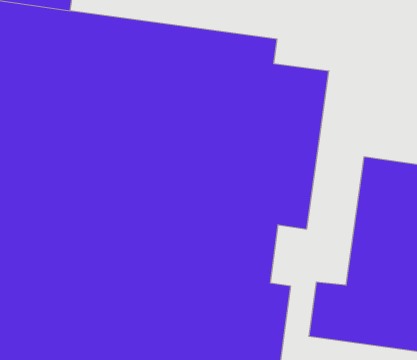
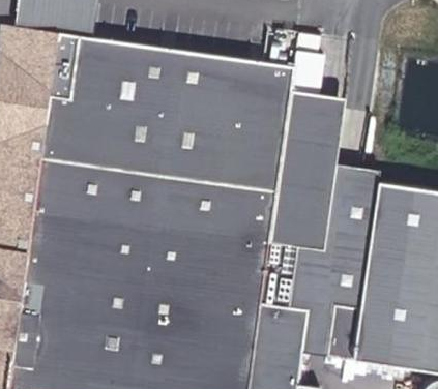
building: none -> [288,163,380,356]

